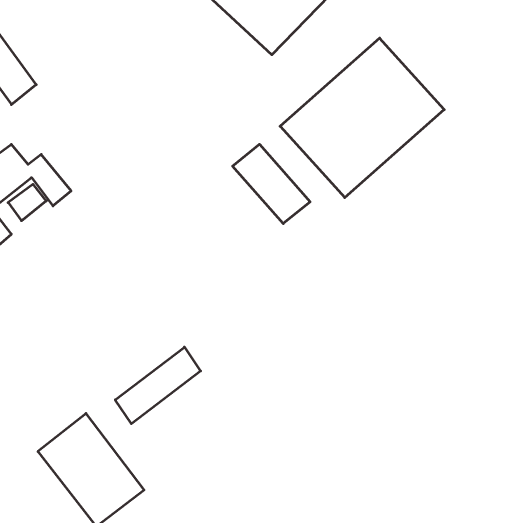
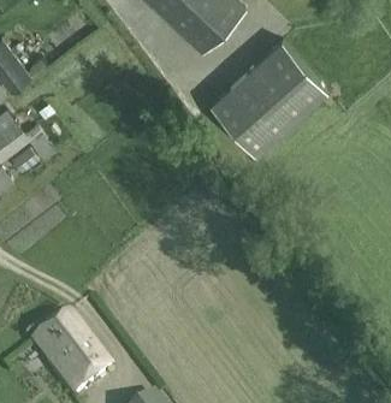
building: [233,144,310,224] -> none
building: [115,347,201,424] -> none

